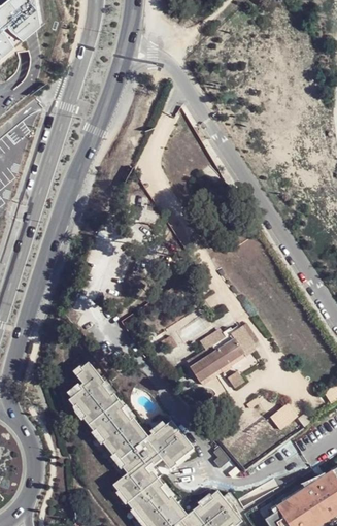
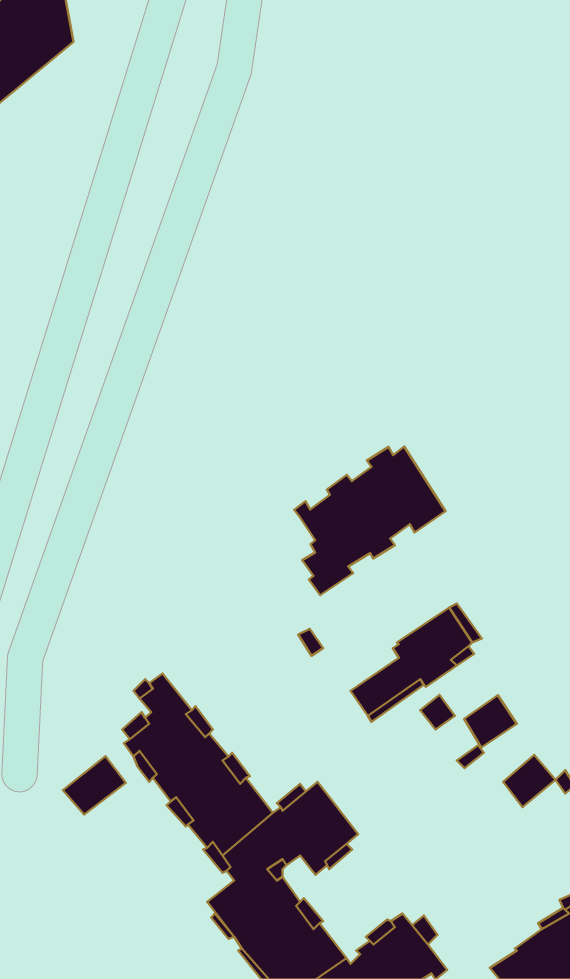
building: none -> [294,446,445,595]
building: none -> [464,695,517,747]
building: none -> [63,756,126,815]

